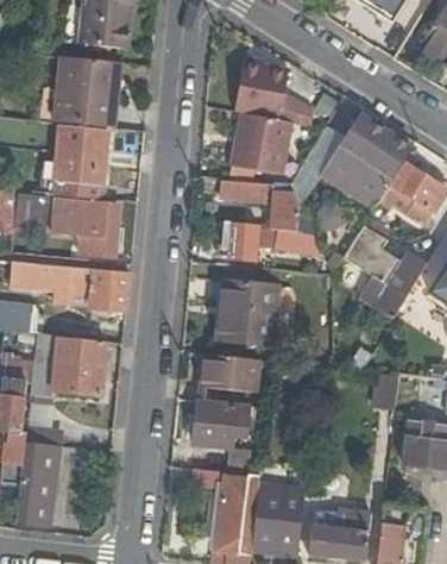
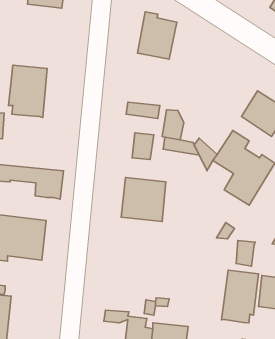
building: [56,57,119,130] -> none
building: [227,113,292,176] -> none
building: [322,117,410,206] -> none
building: [67,198,120,259] -> none
building: [201,352,257,391] -> none
building: [191,400,246,447] -> none
building: none -> [221,270,259,323]

